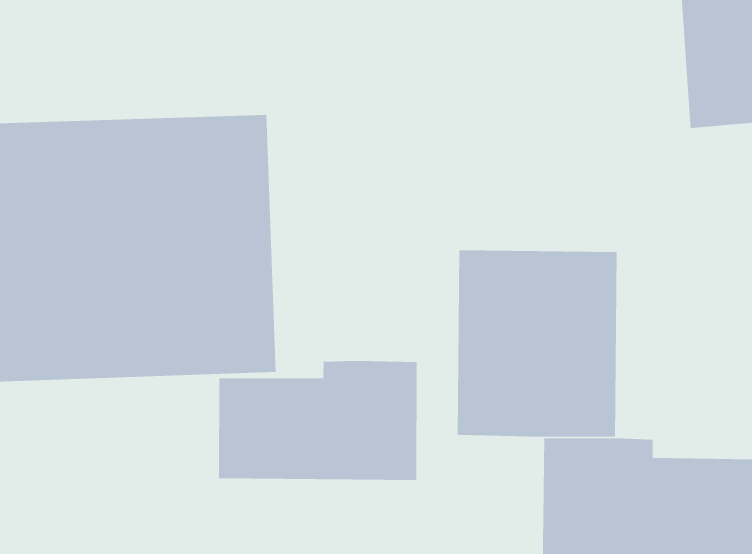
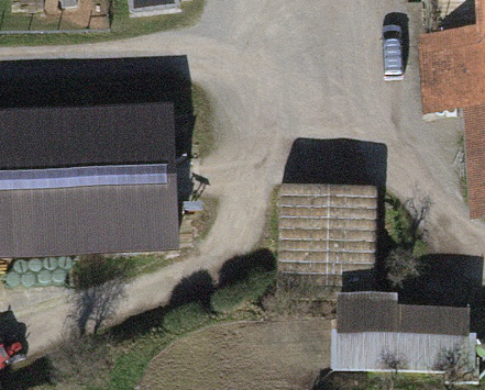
building: [218,360,418,481] -> none

